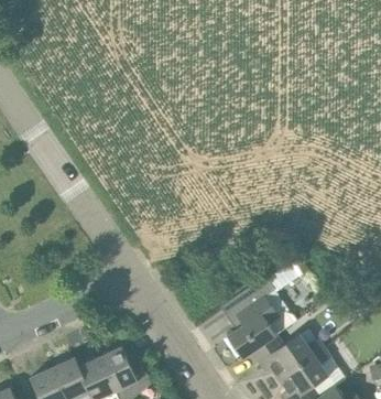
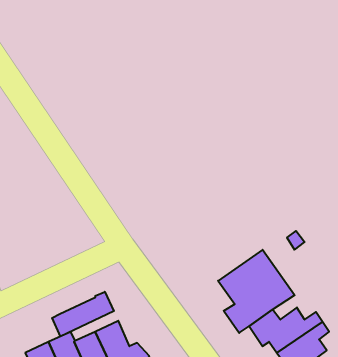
building: none -> [52,292,114,336]

